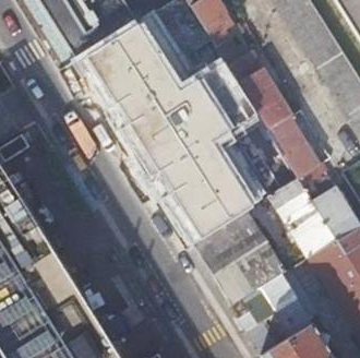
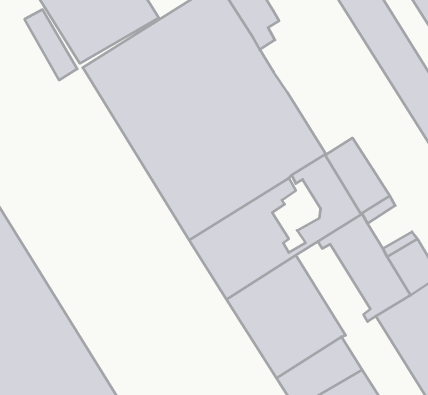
building: [228,51,290,130] -> none

